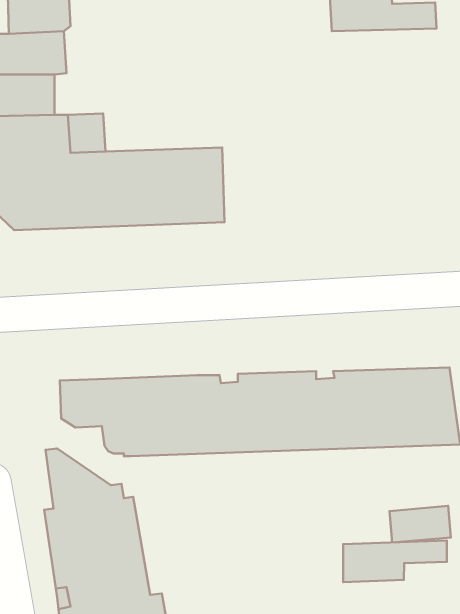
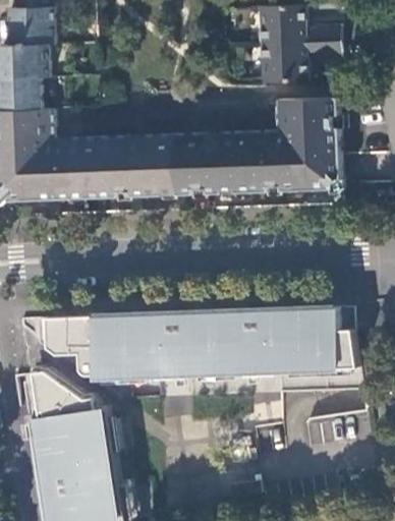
building: none -> [259,44,340,84]
building: none -> [173,99,339,194]
building: [343,541,447,582] -> none

